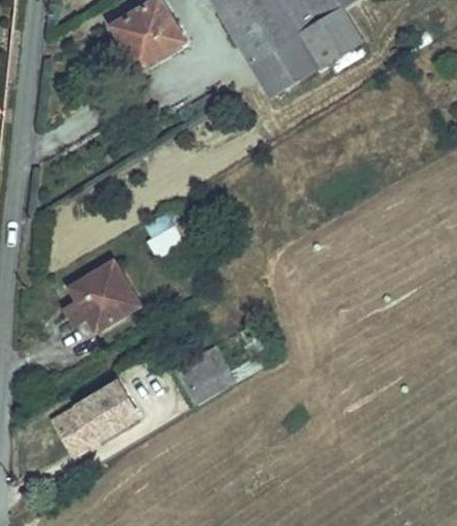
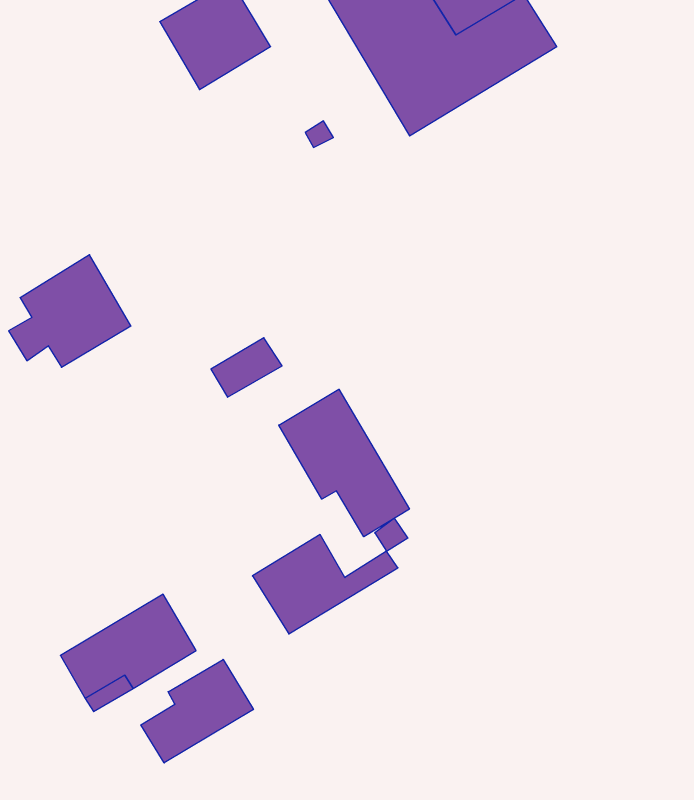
building: none -> [279,389,409,537]
building: [62,260,138,330] -> [9,255,131,367]
building: none -> [141,659,253,763]

